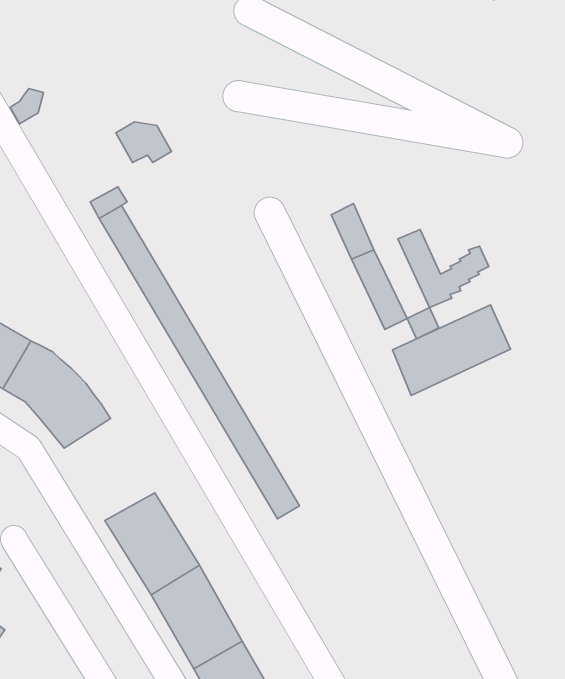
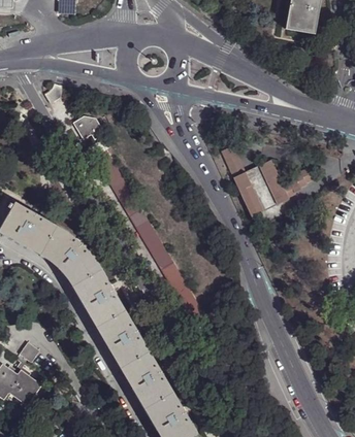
building: [116,122,172,163] -> [72,117,103,140]
building: [393,305,511,396] -> none
building: none -> [73,268,124,325]

